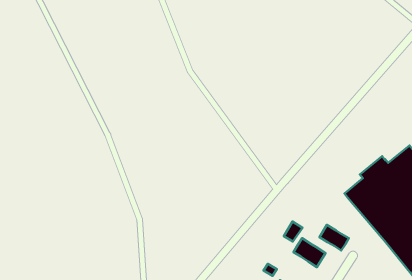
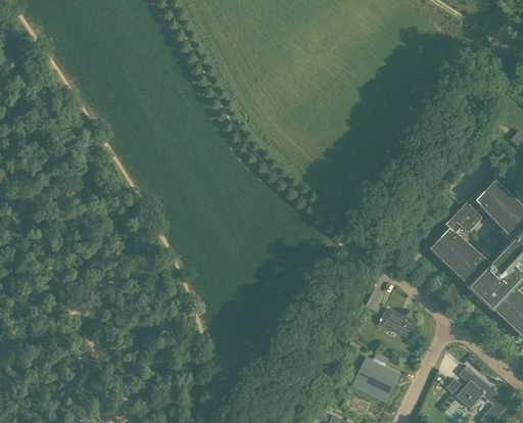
building: [319,225,349,250] -> none

